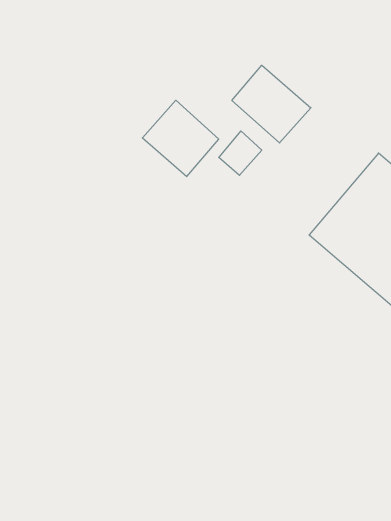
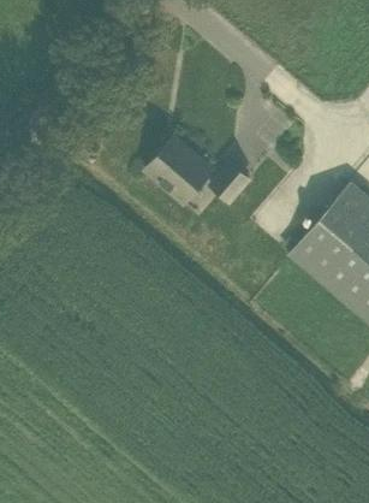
building: [232,65,311,143] -> none

